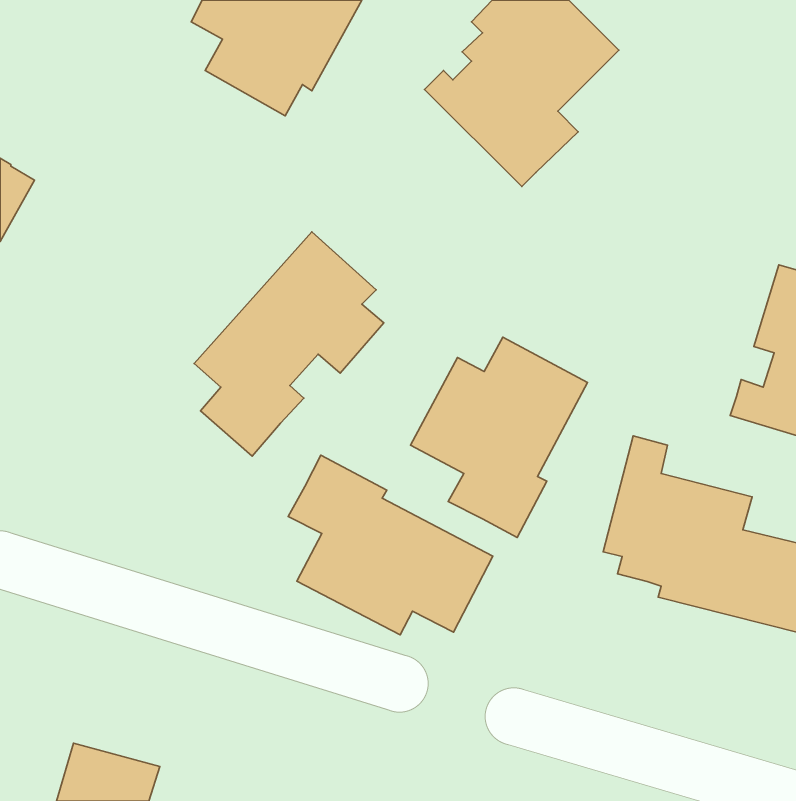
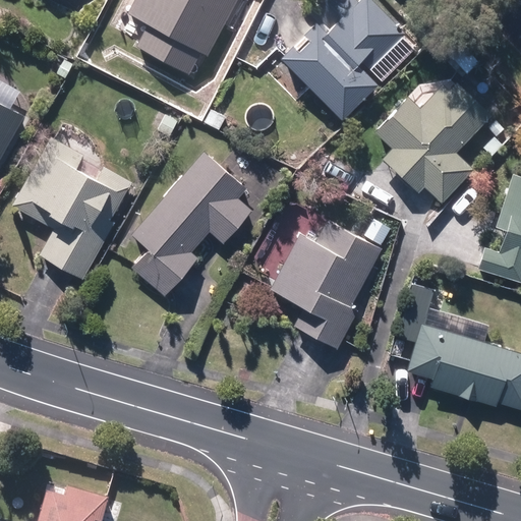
building: none -> [374,81,491,202]
building: none -> [13,136,135,278]
building: [288,455,493,635] -> none

